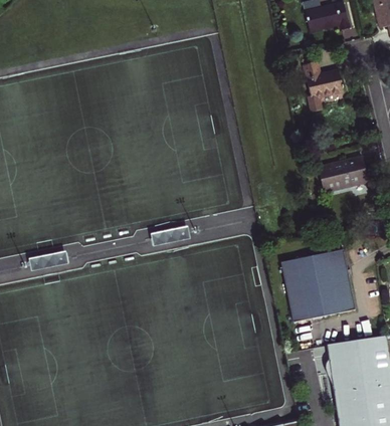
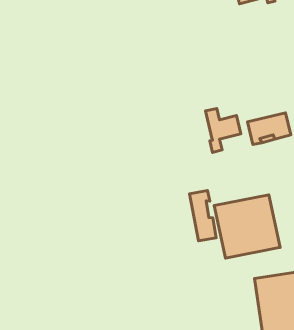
building: [304,61,344,112] -> [206,108,241,152]
building: none -> [189,190,216,241]

